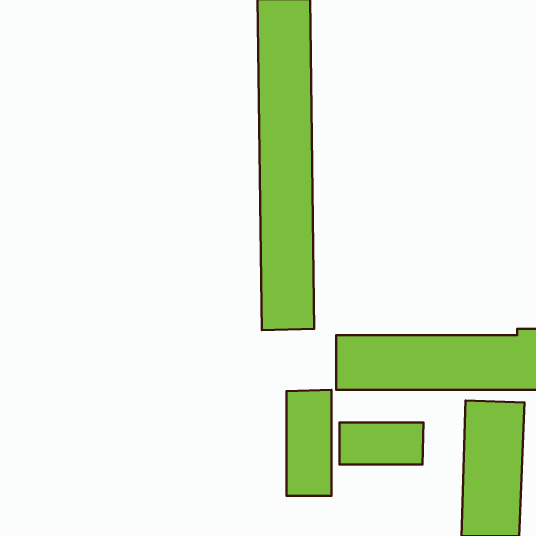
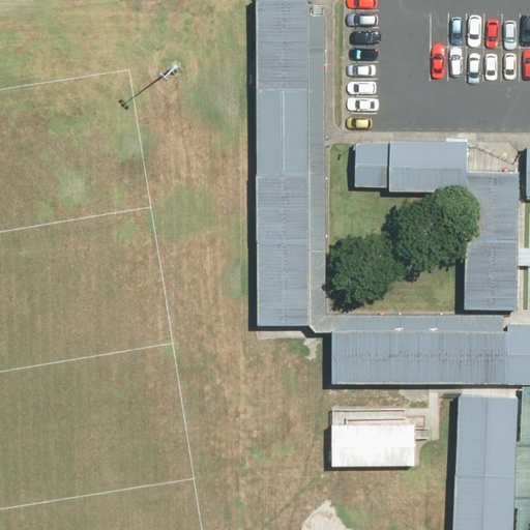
building: none -> [354,140,518,306]
building: [287,390,332,496] -> none

